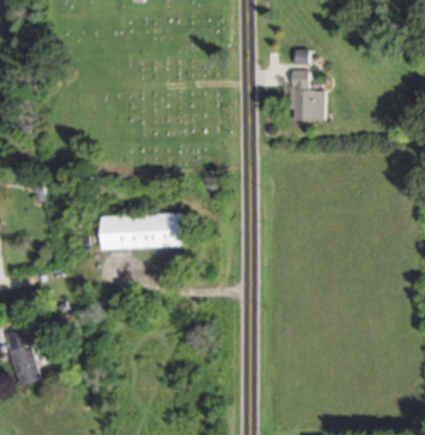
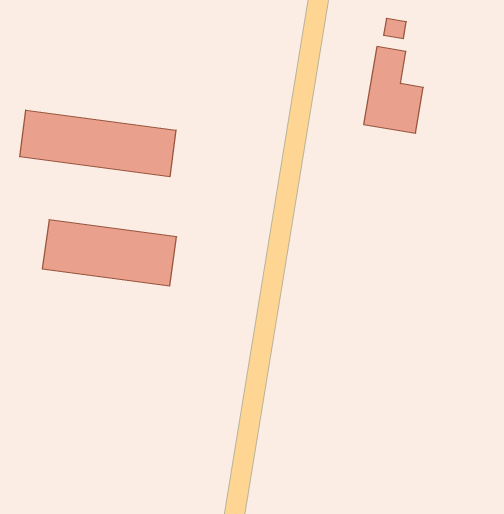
building: none -> [20,110,176,177]

